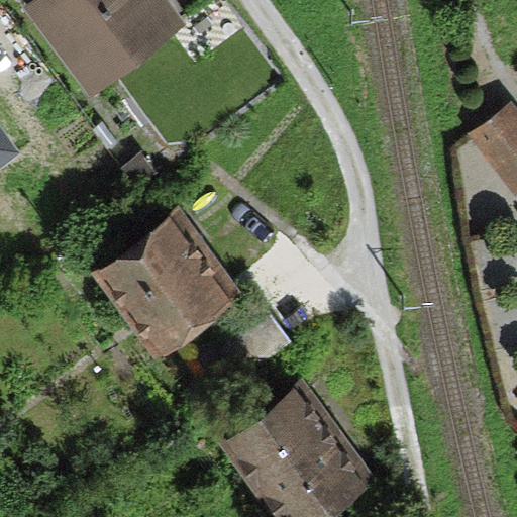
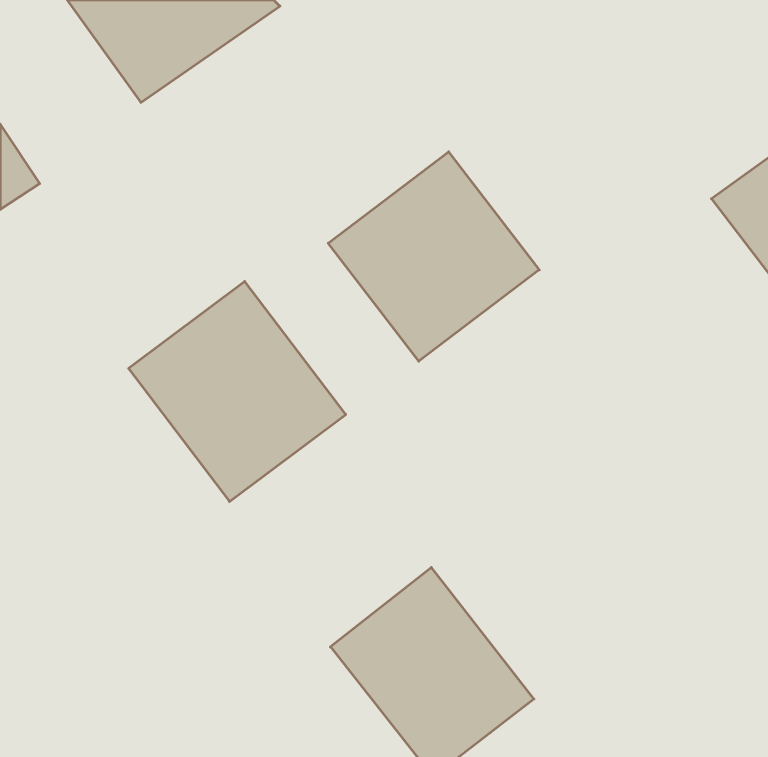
building: none -> [328,152,539,361]

